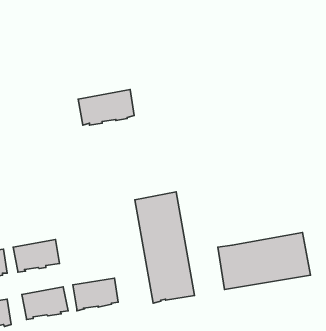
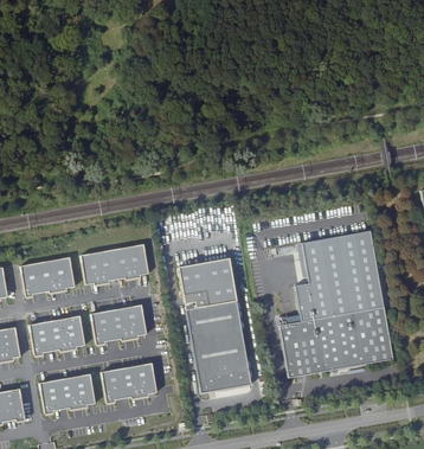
building: [78,89,134,125] -> [81,242,149,286]
building: none -> [291,231,384,322]
building: none -> [20,255,75,296]
building: none -> [91,304,147,345]

